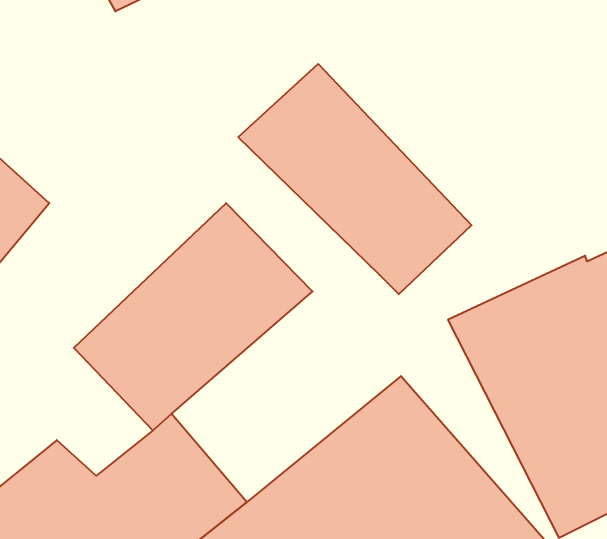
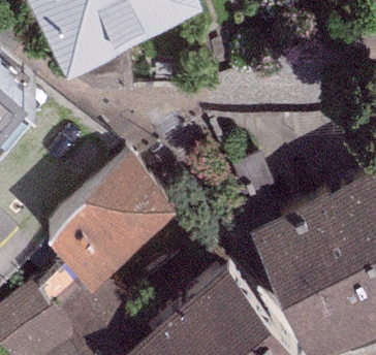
building: [238,64,472,294] -> none

